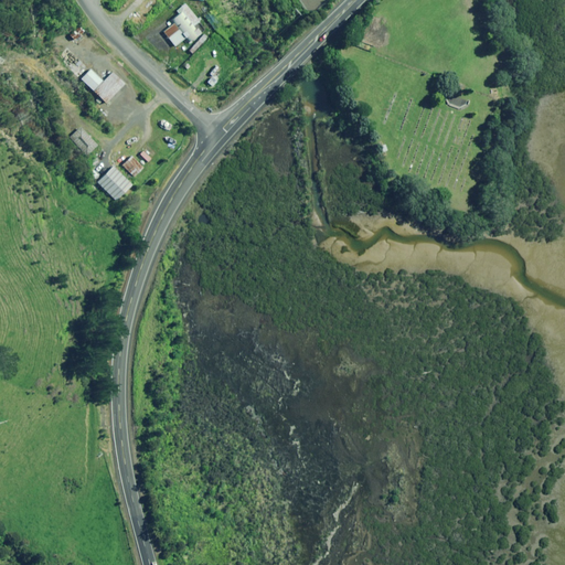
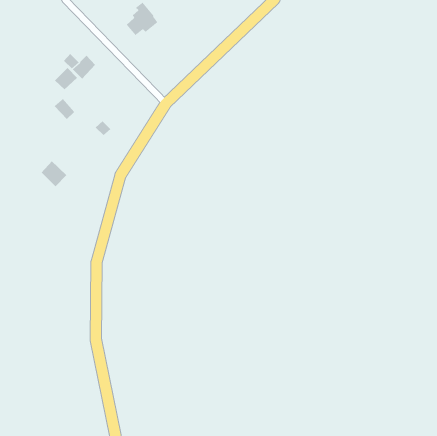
building: none -> [54,67,78,90]
building: [97,166,131,200] -> [41,161,67,187]

